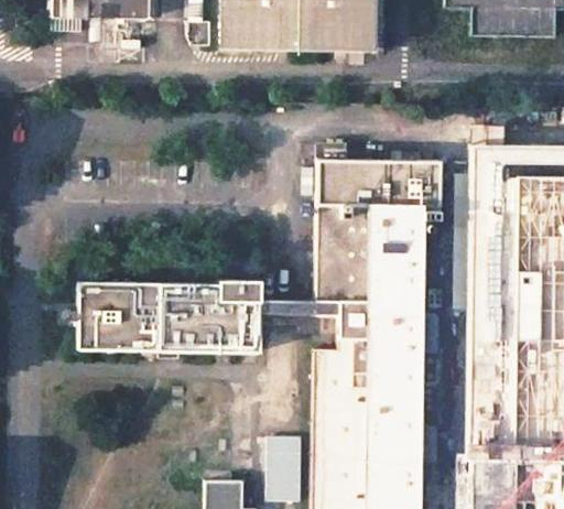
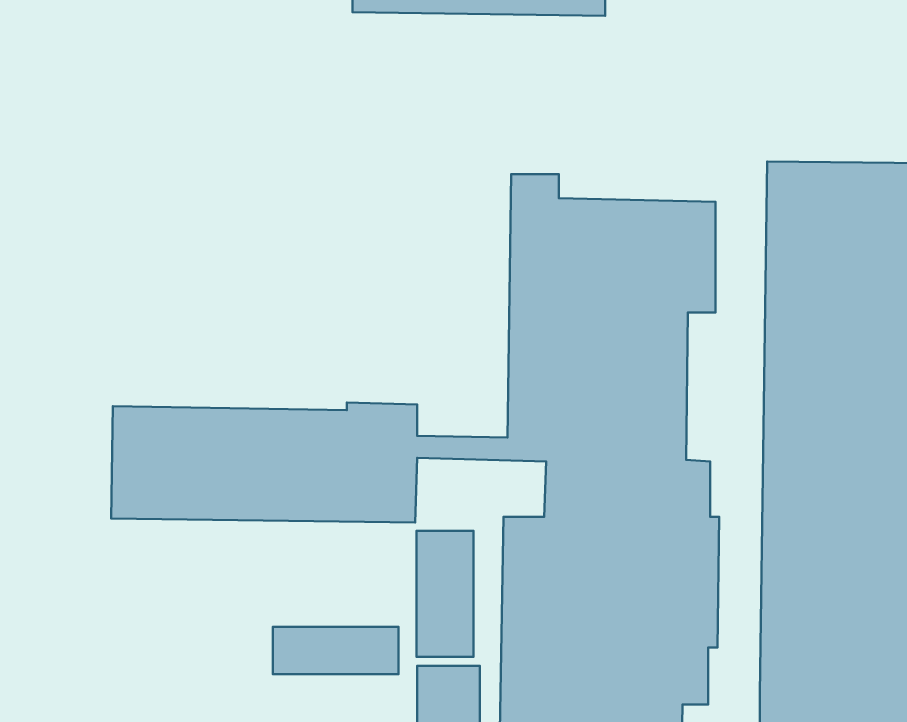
building: none -> [417,531,473,657]
building: none -> [273,627,399,674]

